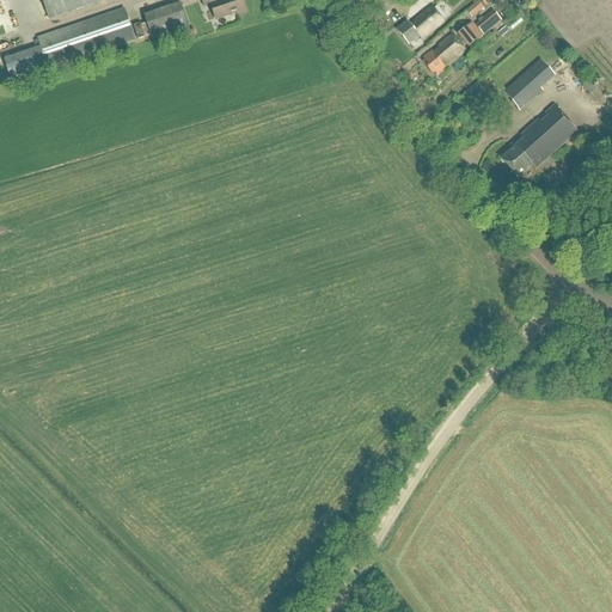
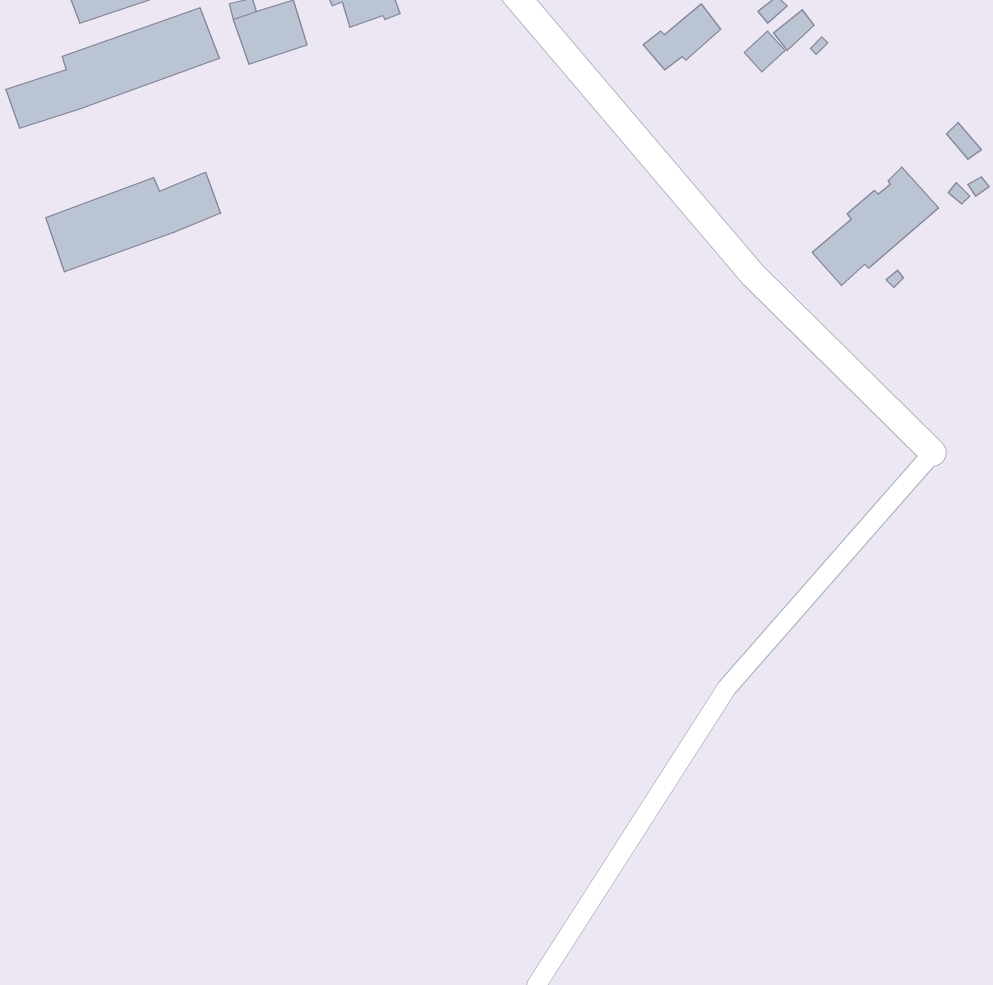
building: [423,30,466,72] -> none
building: [504,56,555,106] -> none
building: none -> [46,172,221,272]

